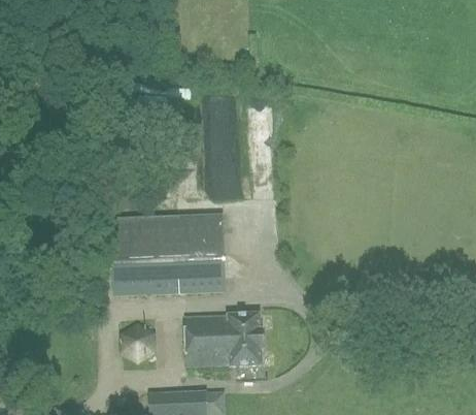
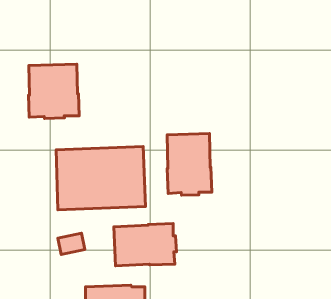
building: none -> [28,64,79,118]
building: none -> [167,134,212,195]

